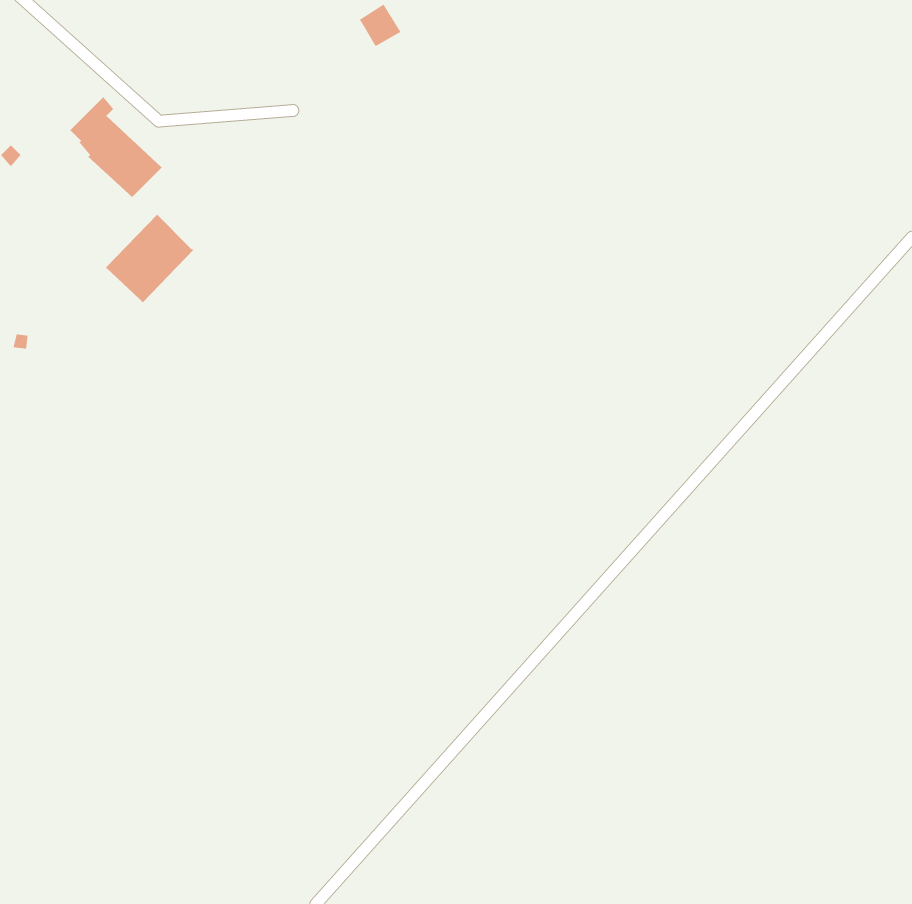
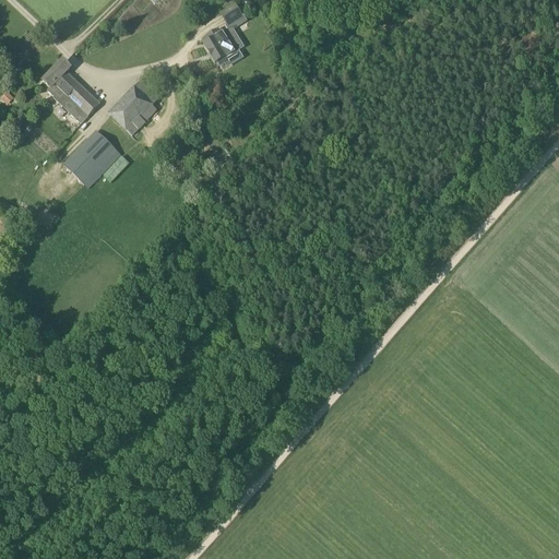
building: none -> [201,27,241,62]
building: none -> [110,79,159,133]

